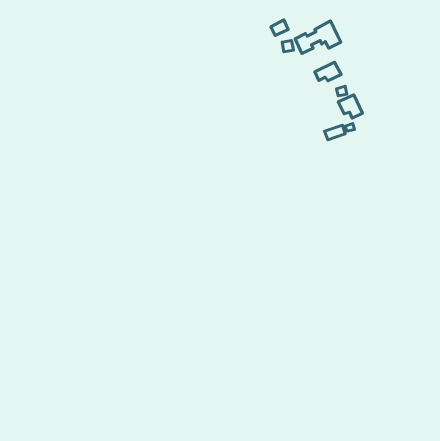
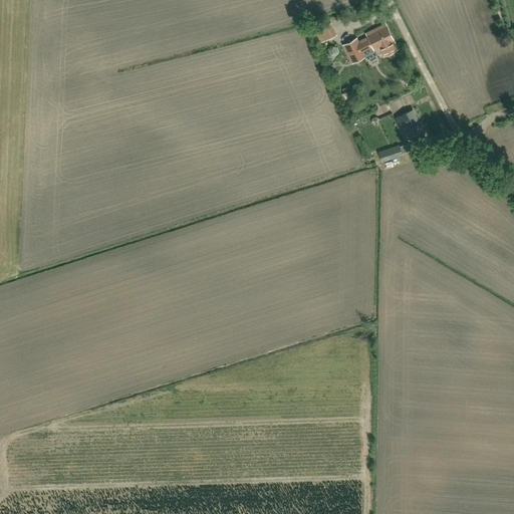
building: [315,62,341,81] -> none

